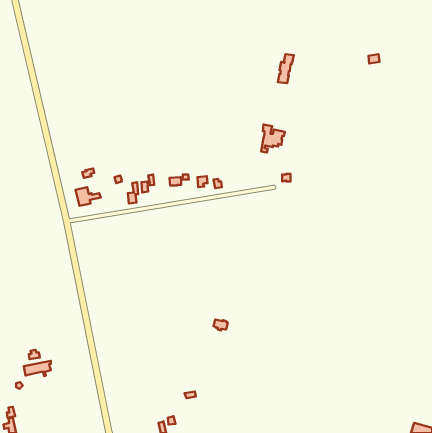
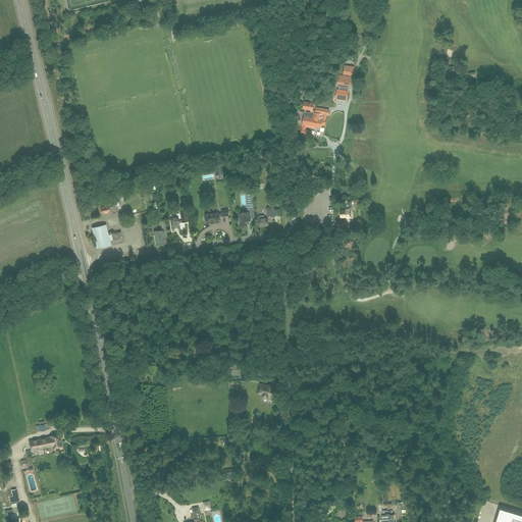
building: [261,124,285,152] -> [300,101,328,135]

